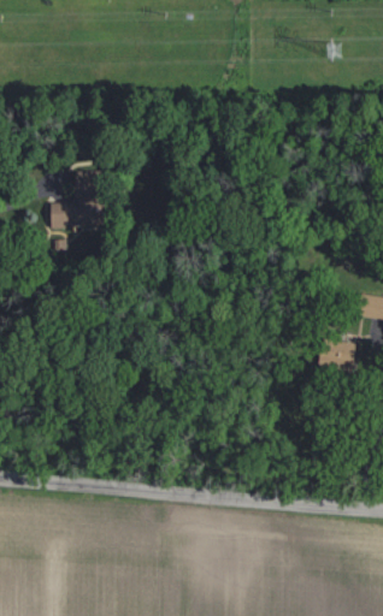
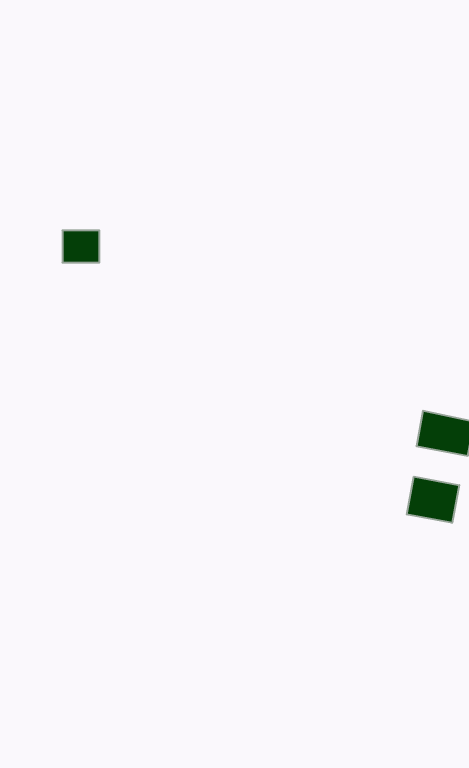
building: none -> [407,477,459,523]

